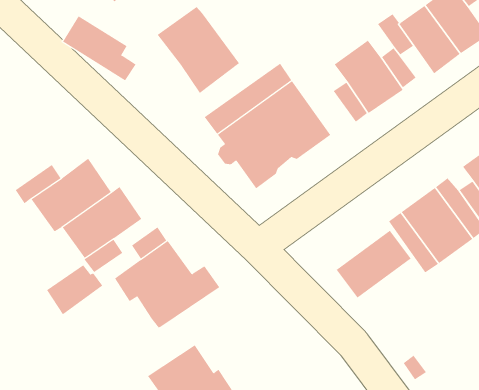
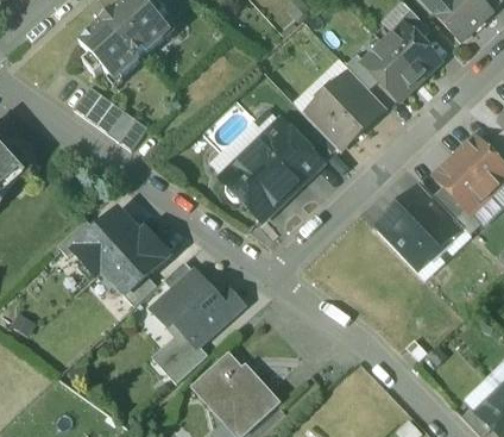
building: [157,6,240,94] -> none
building: [336,230,411,298] -> none
building: [46,264,103,315] -> [160,338,208,383]

